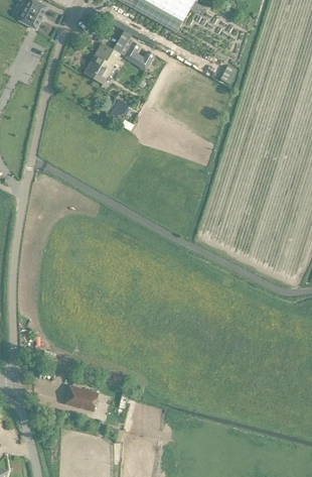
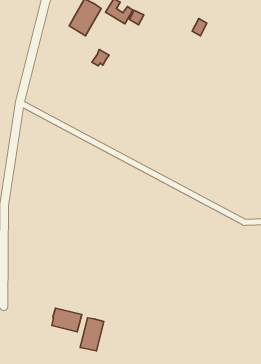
building: none -> [80,318,104,351]

